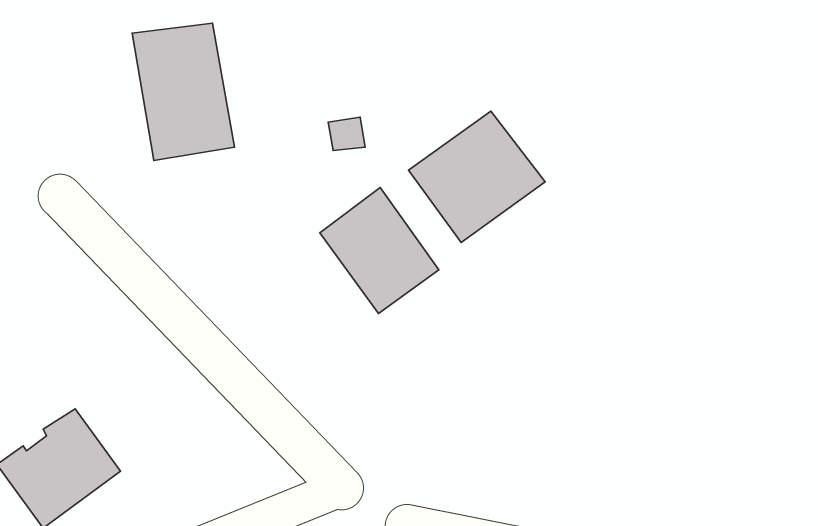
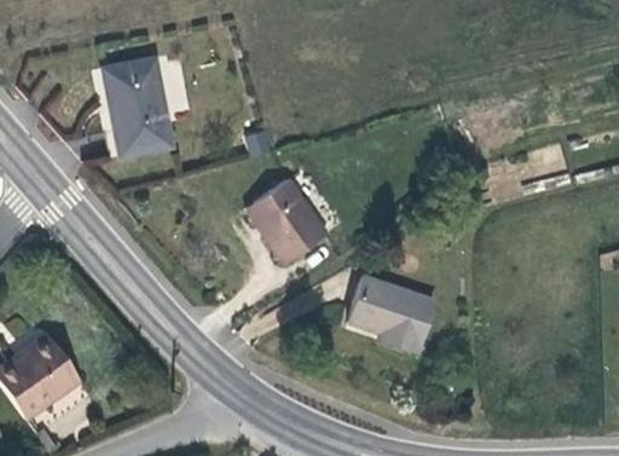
building: [408,111,545,243] -> none
building: none -> [342,278,441,359]

